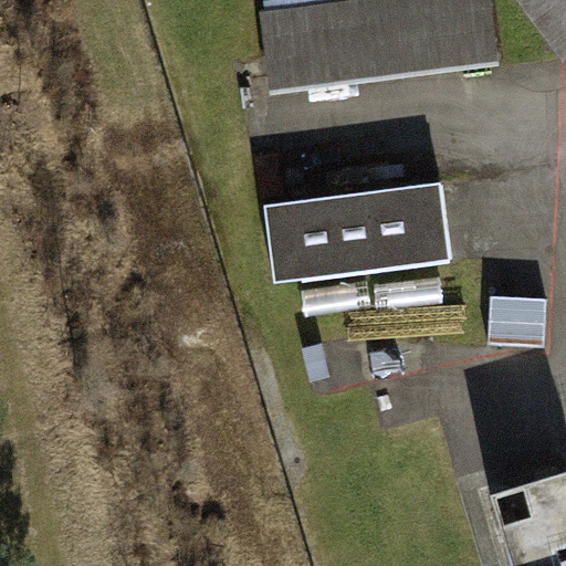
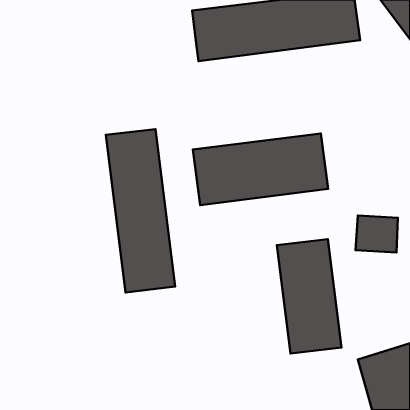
building: none -> [106,129,175,292]
building: none -> [277,239,342,354]

